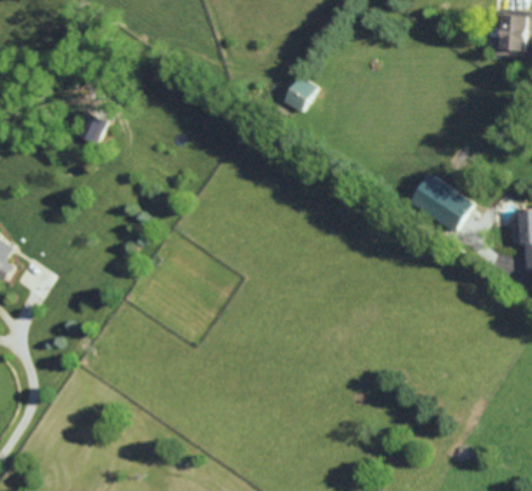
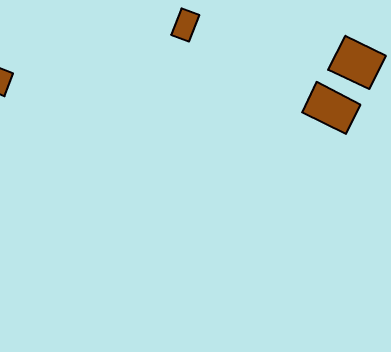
building: none -> [328,36,386,89]

